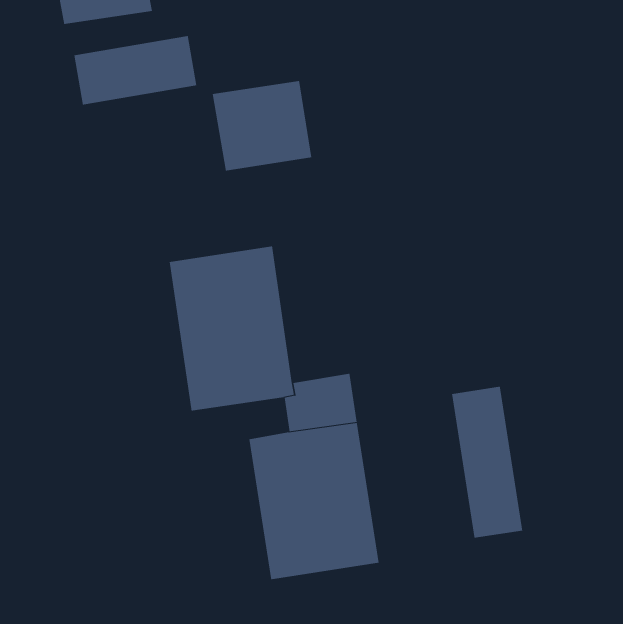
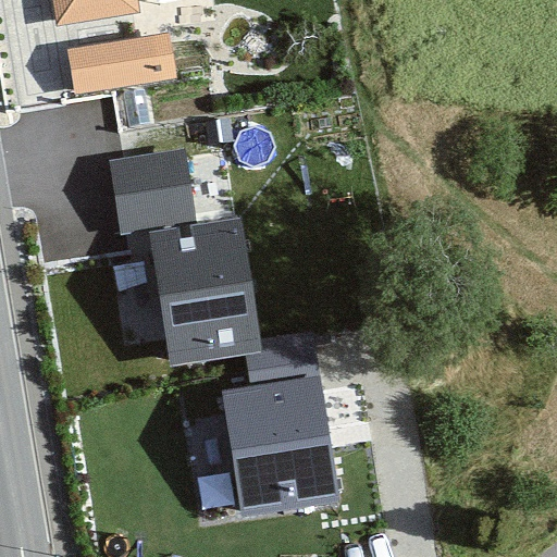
building: [212,80,312,171] -> [107,150,196,231]
building: [451,386,523,539] -> none

